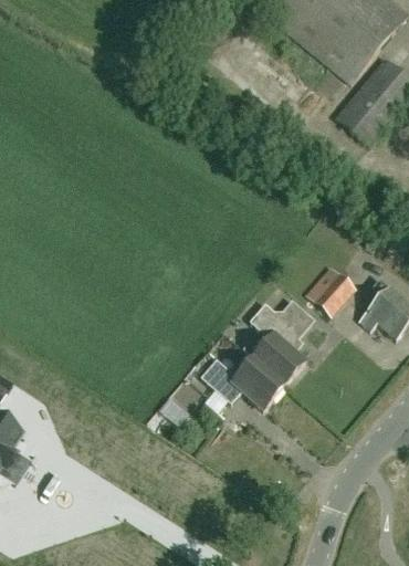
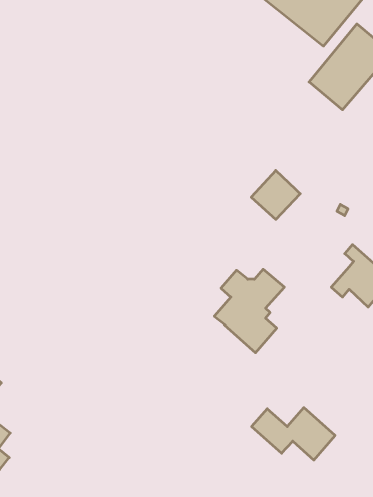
building: [305,265,354,314] -> [251,170,300,219]
building: [200,357,283,409] -> [252,408,335,460]

